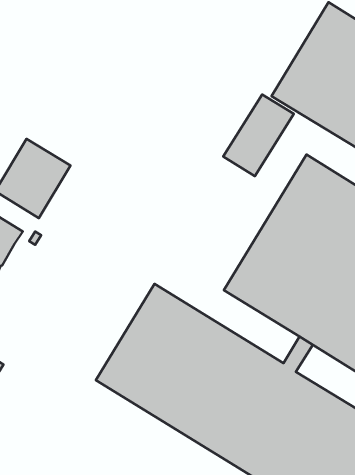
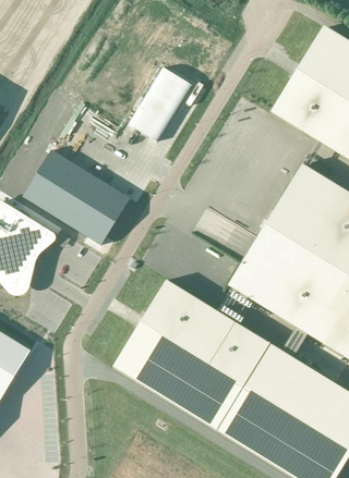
building: [223,94,294,176] -> [127,69,190,142]
building: none -> [62,173,130,244]

